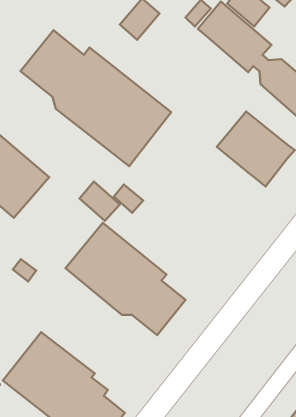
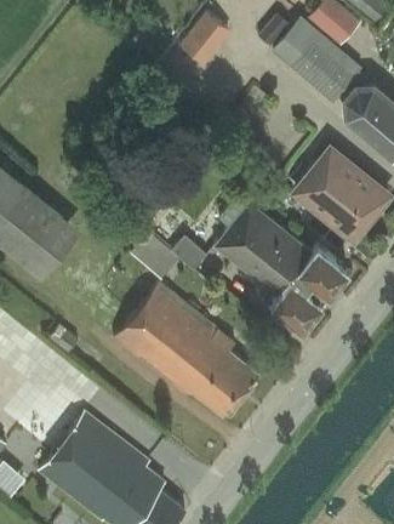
building: [21,30,171,166] -> none
building: none -> [213,194,346,325]

